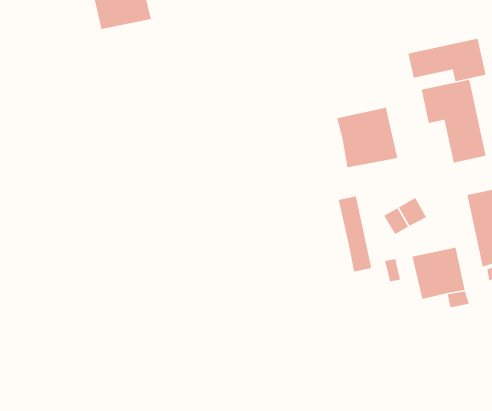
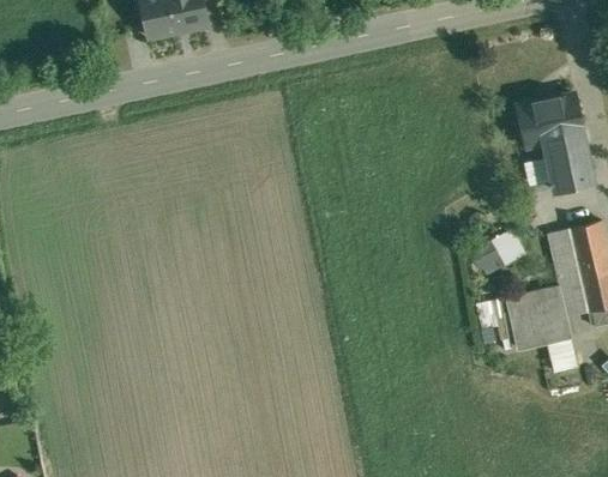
building: [408,38,486,82] -> none
building: [336,107,398,168] -> none
building: [338,195,372,273] -> [548,227,588,315]

